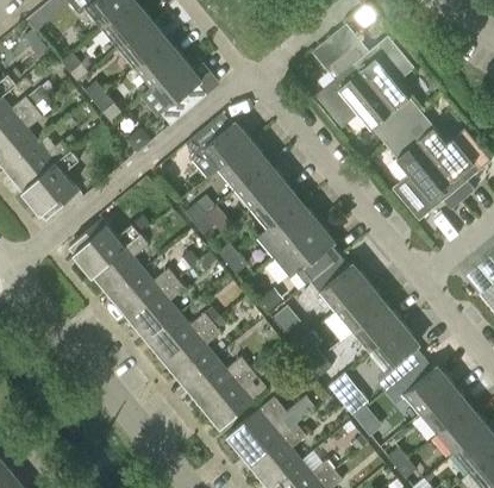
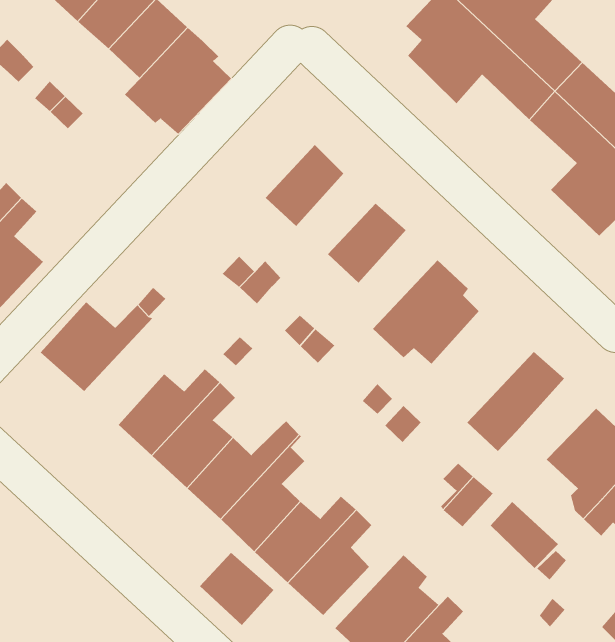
building: [186,113,252,179] -> none
building: [235,162,284,209] -> none
building: [256,201,318,258] -> none
building: [93,234,148,296] -> none
building: [314,256,369,312] -> none
building: [352,304,402,351] -> none
building: none -> [199,552,274,626]

